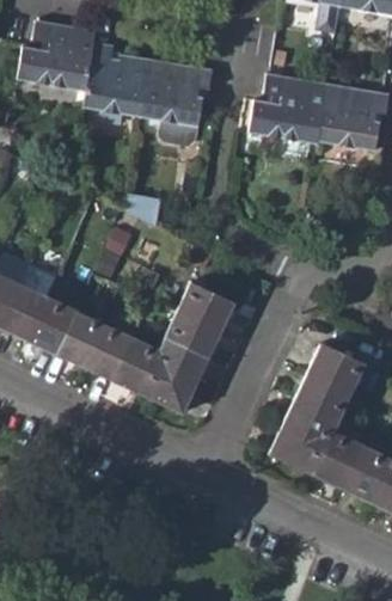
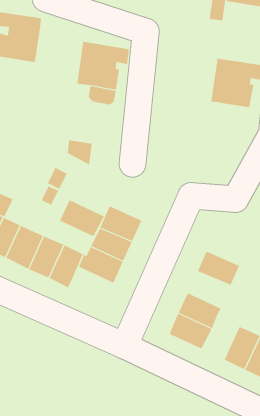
building: [85,42,152,117] -> none
building: [253,73,332,145] -> none
building: [133,363,194,413] -> [59,199,105,237]
building: [293,369,351,419] -> none
building: [312,429,362,489] -> none

